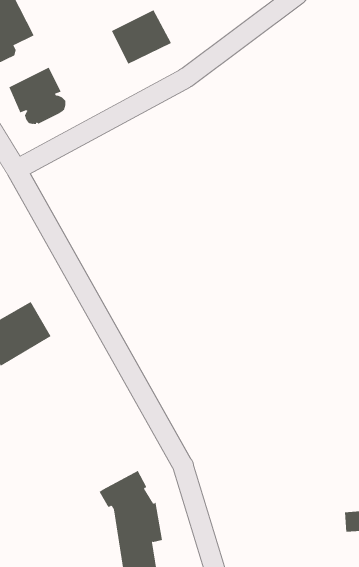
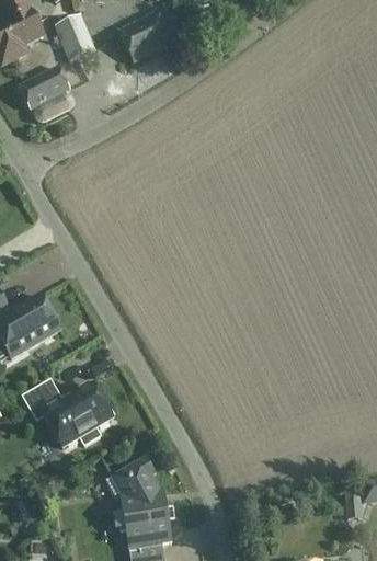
building: none -> [57,13,95,59]
building: none -> [23,380,113,447]

